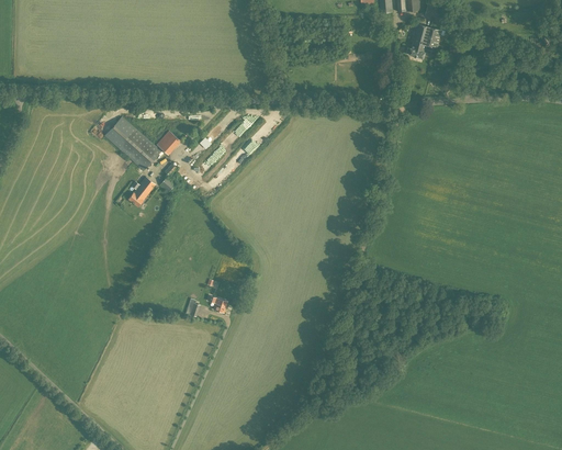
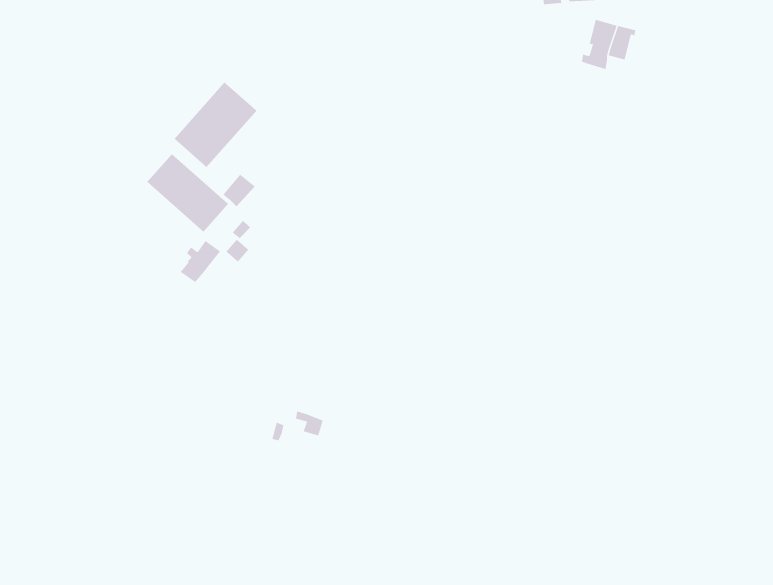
building: none -> [174,81,257,168]

